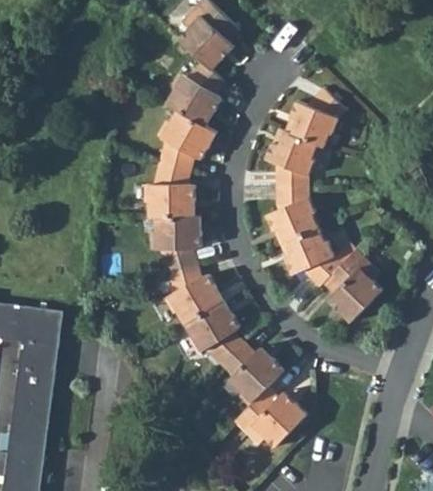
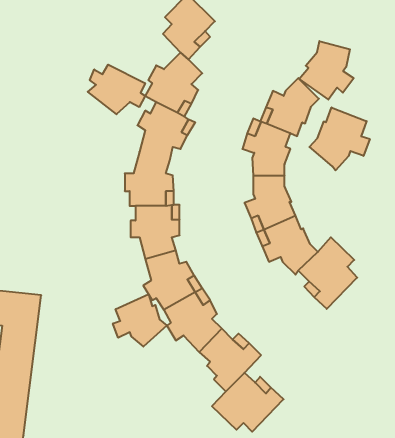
building: none -> [299,41,354,100]
building: none -> [88,65,145,114]
building: none -> [309,107,370,170]
building: none -> [113,294,167,347]

